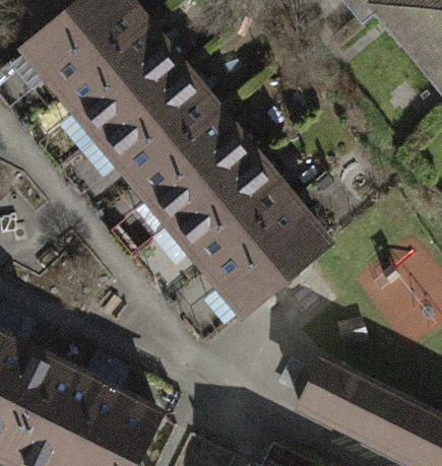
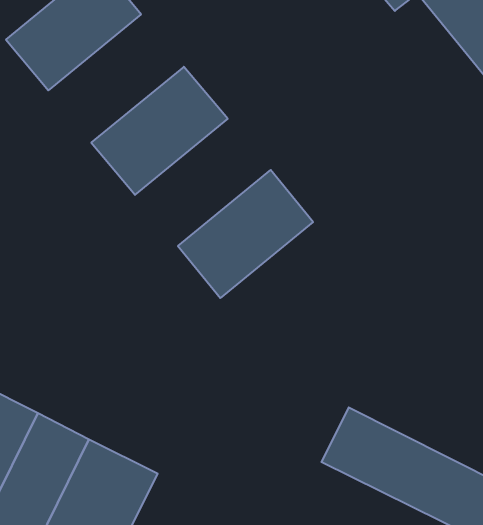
building: [65,23,181,133] -> none
building: [139,113,255,221] -> none
building: [212,201,328,311] -> none

